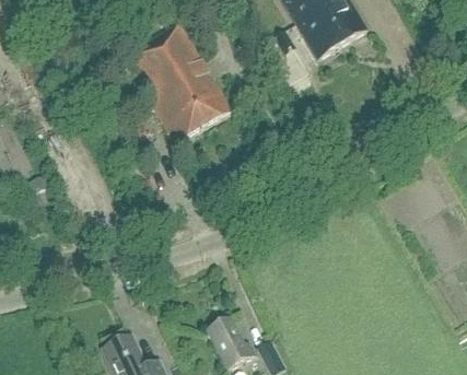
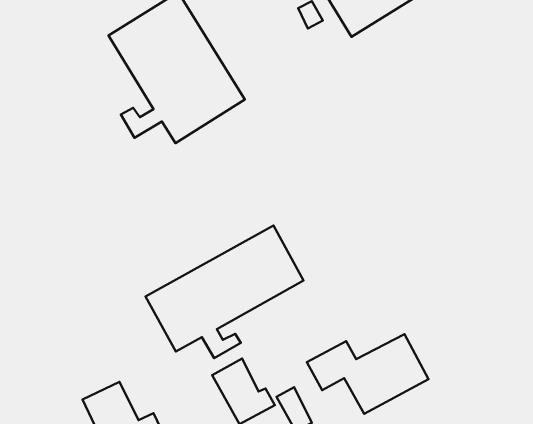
building: none -> [146,225,304,358]
building: none -> [307,334,429,414]

